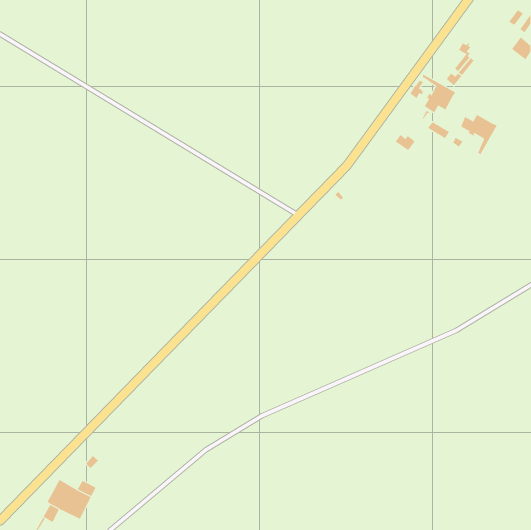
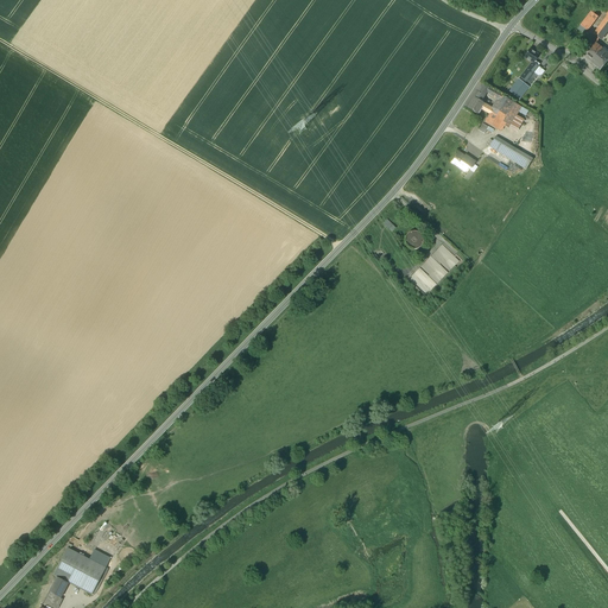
building: [461,114,497,155] -> none

